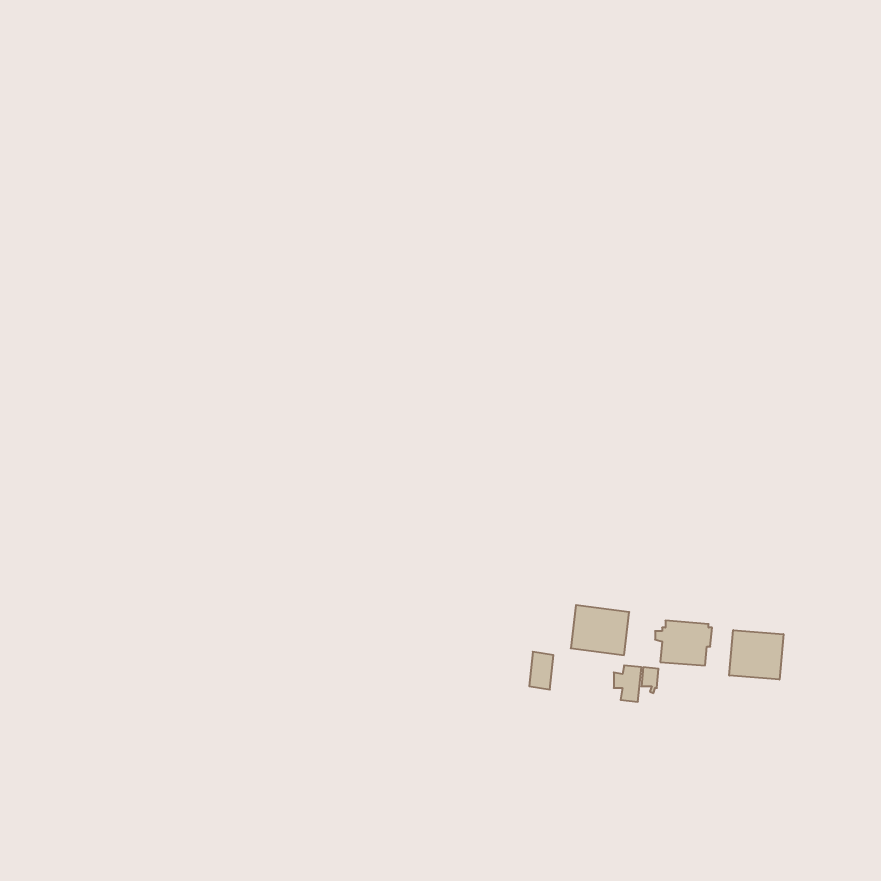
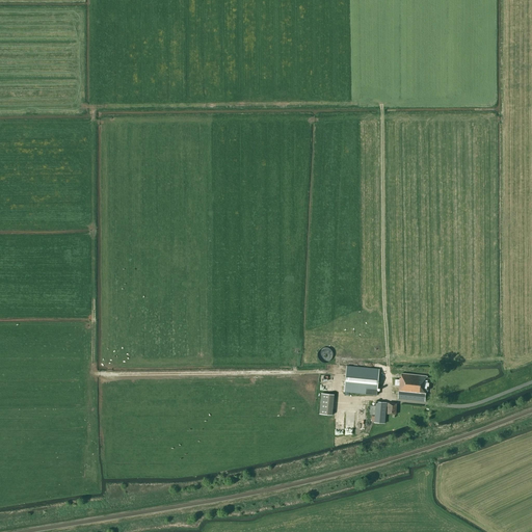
building: [729,630,783,680] -> none

